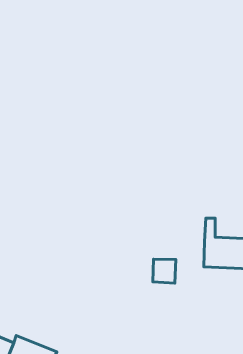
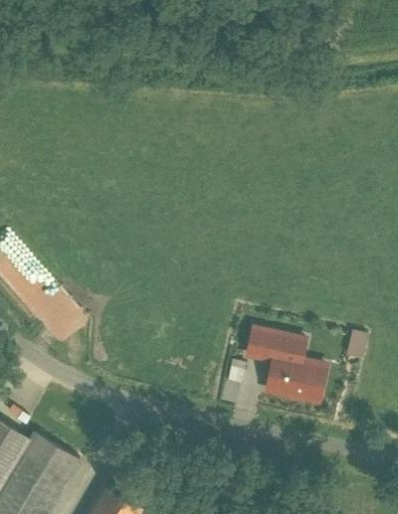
building: [153,259,176,283] -> [247,330,278,362]

